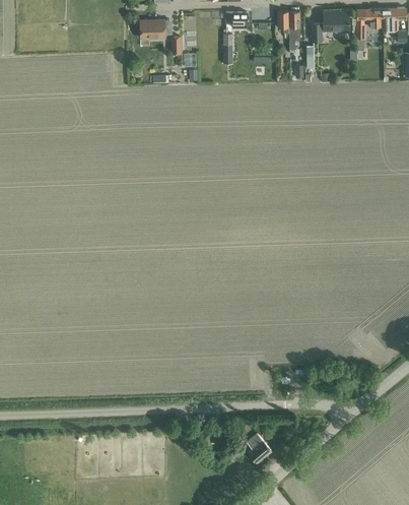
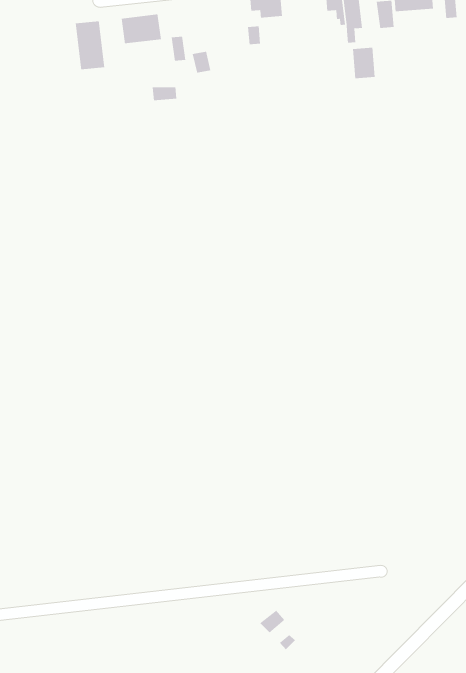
building: none -> [75,20,105,70]
building: [248,433,272,462] -> none

